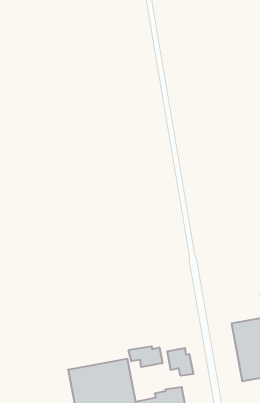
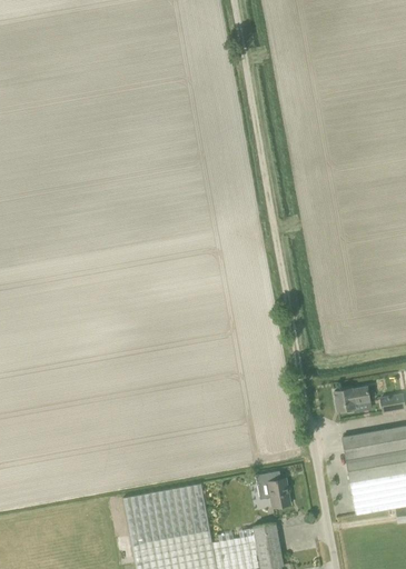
building: none -> [335,387,370,410]
building: [129,346,162,367] -> none

